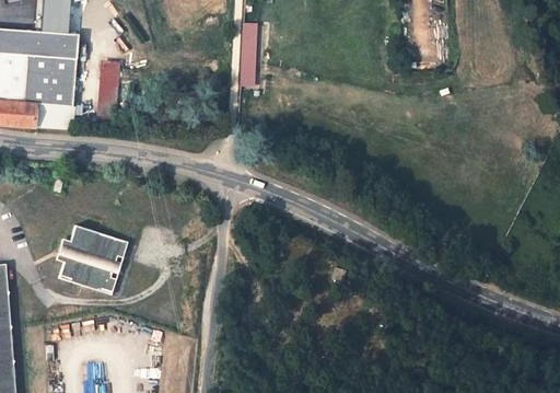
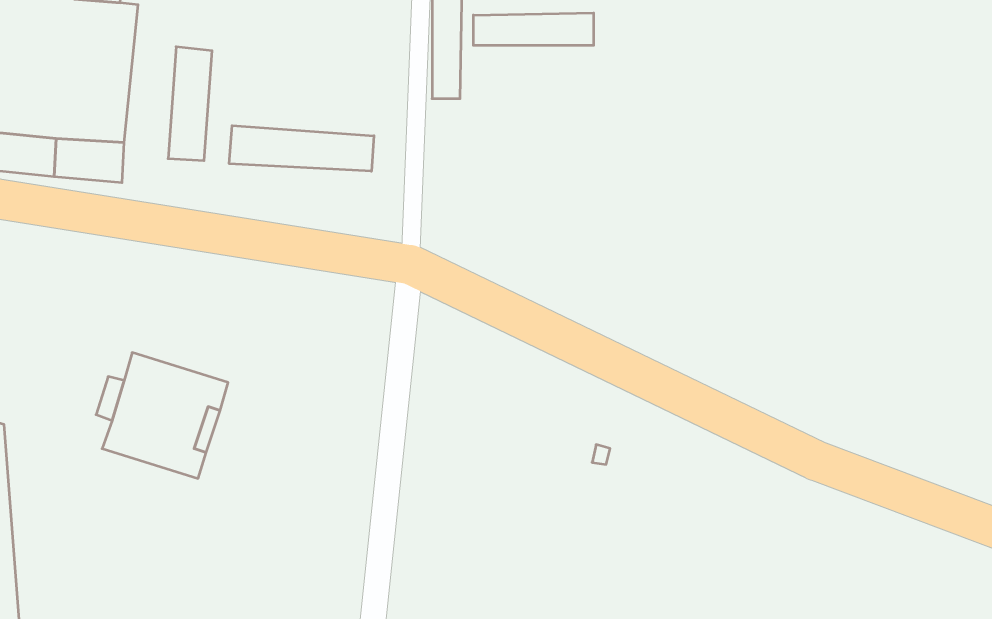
building: none -> [473,13,594,45]
building: none -> [229,126,374,171]

